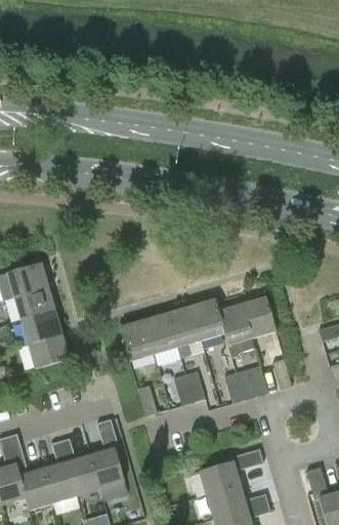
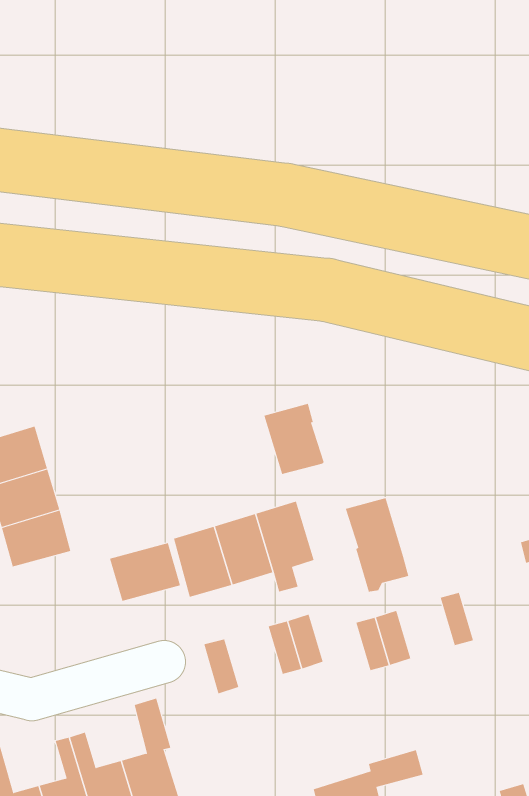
building: [242,296,277,337] -> none
building: [190,298,225,339] -> [264,403,324,475]
building: [28,334,69,368] -> [109,543,181,602]

